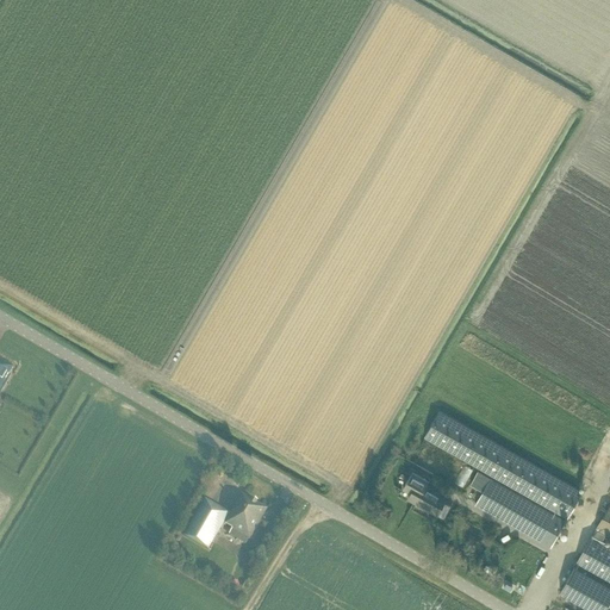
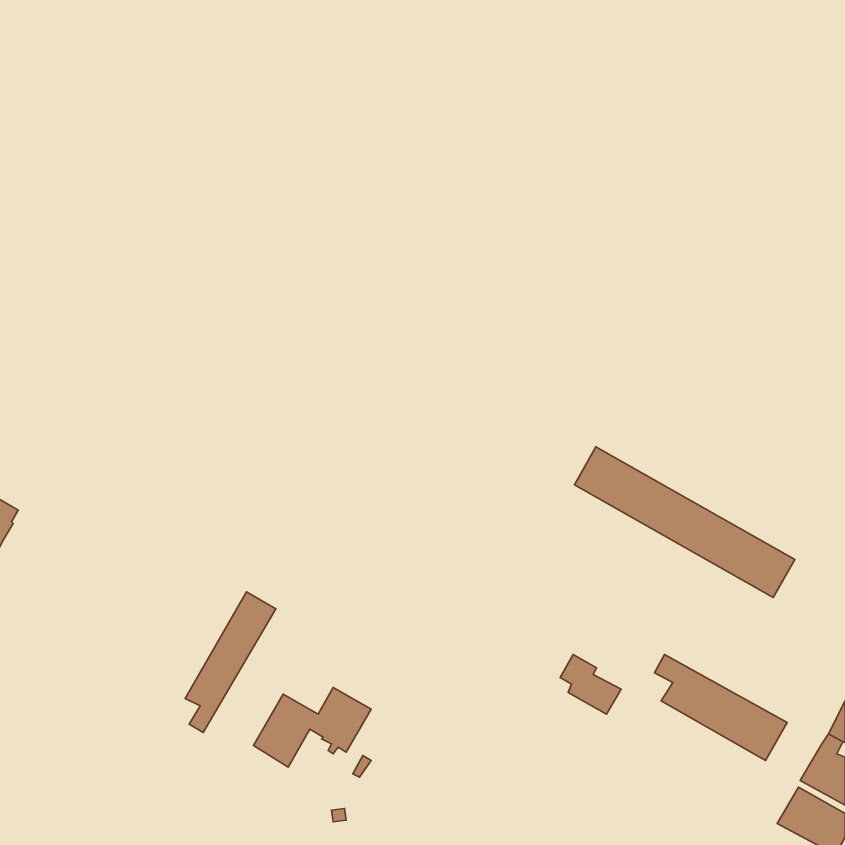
building: [424,411,583,519] -> [574,447,795,597]
building: none -> [185,592,276,732]

